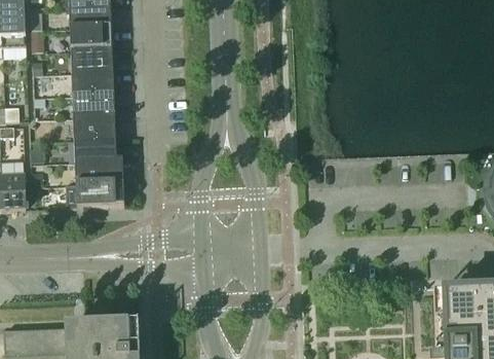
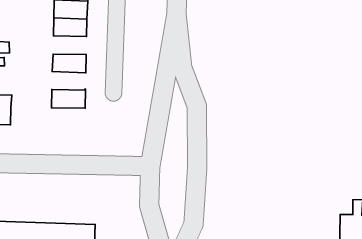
building: [72,91,114,115] -> none
building: [73,136,116,159] -> none
building: [75,180,117,205] -> none

